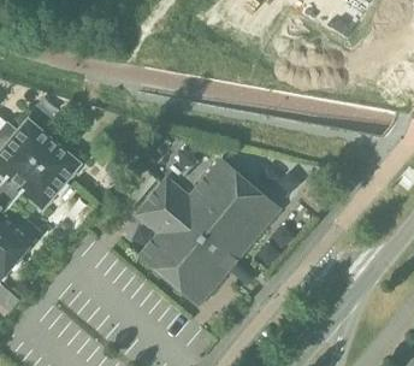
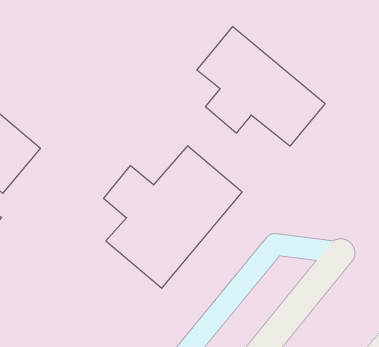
building: none -> [197,26,325,146]

